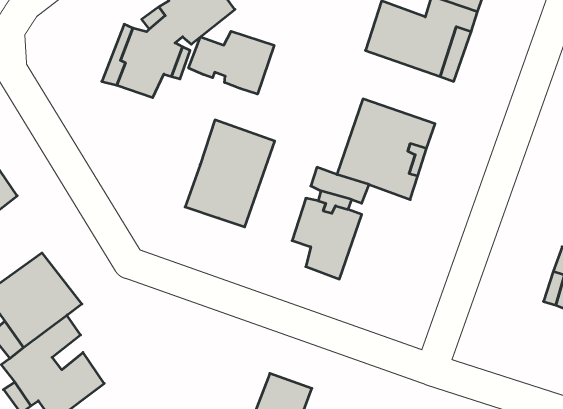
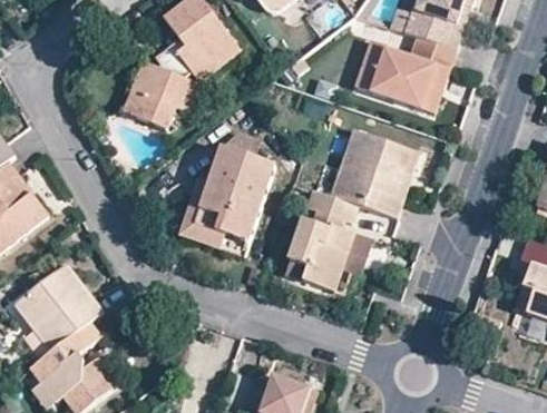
building: [189,31,274,94] -> none
building: none -> [179,184,225,248]

